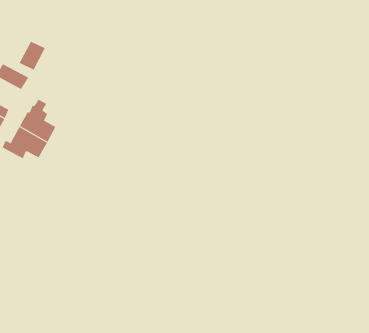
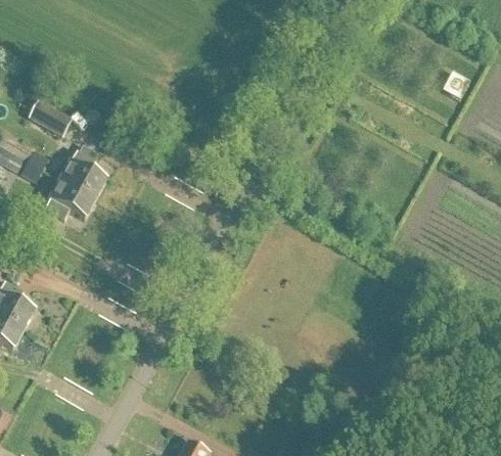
building: [19,41,46,70] -> none

